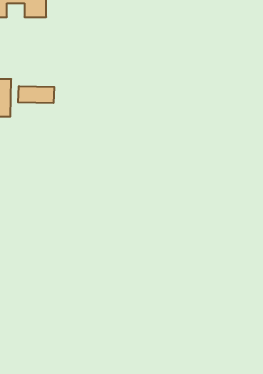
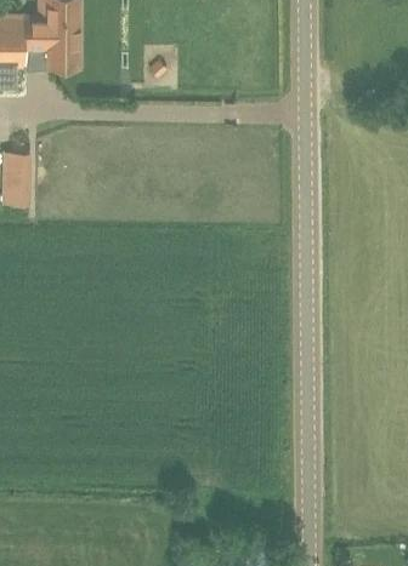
building: [18,86,54,103] -> none

